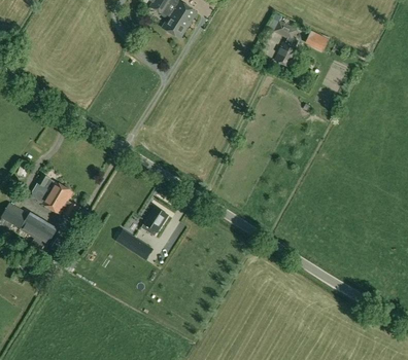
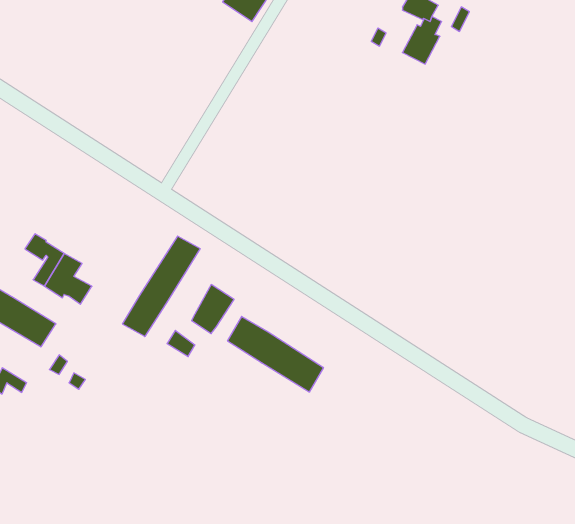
building: none -> [123,236,200,337]
building: none -> [228,316,323,392]

